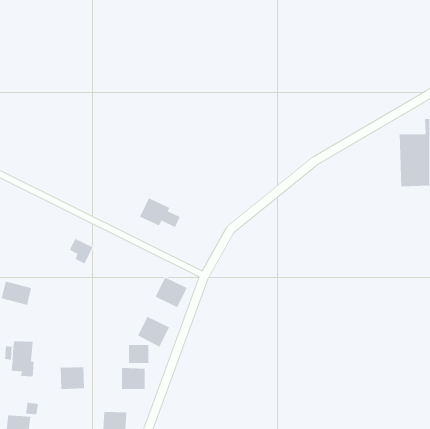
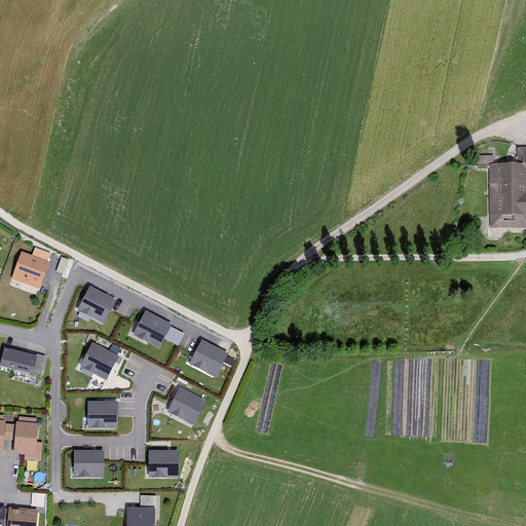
building: [139,198,180,228] -> [135,310,185,347]
building: none -> [12,251,51,289]
building: none -> [79,341,119,378]
building: none -> [87,401,117,427]
building: [129,344,149,364] -> none

